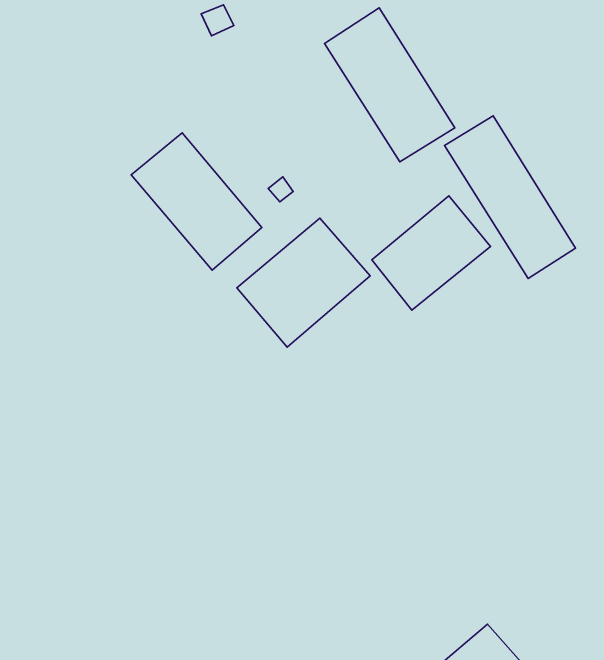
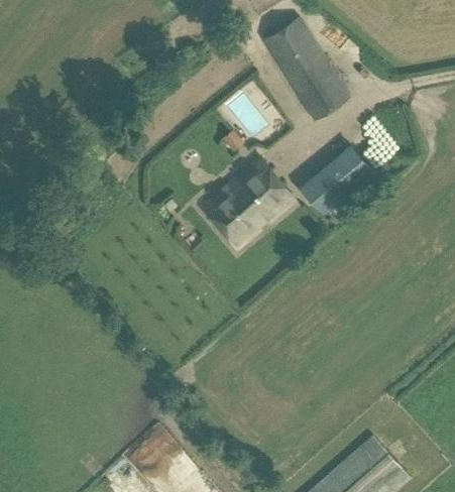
building: [444,116,576,278] -> none
building: [131,133,262,270] -> none

